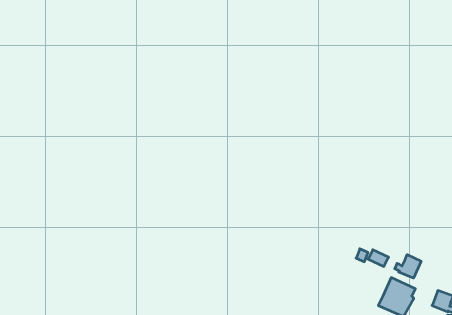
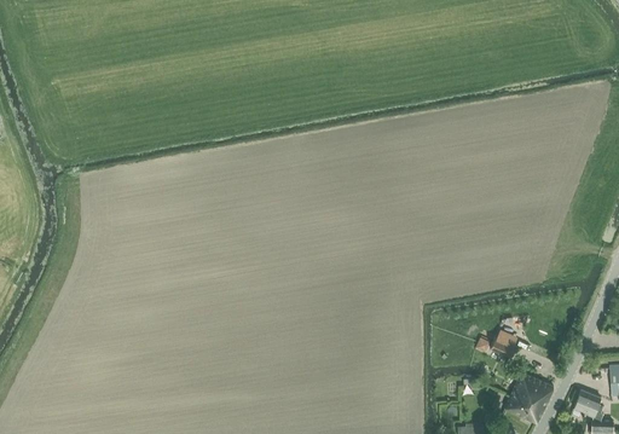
building: [395,255,421,278] -> none

